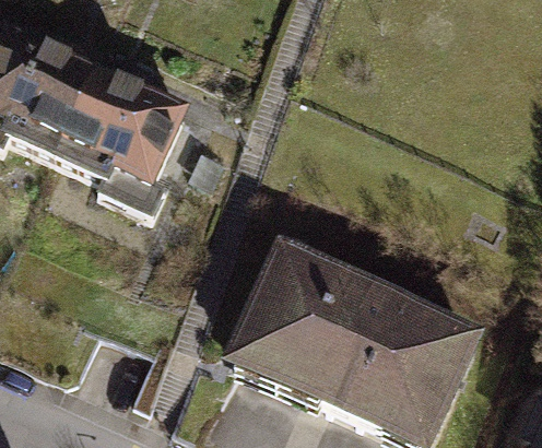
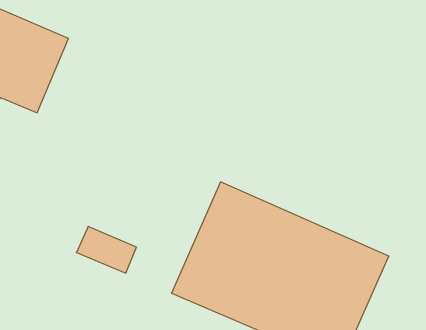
building: [55,68,188,223] -> none

